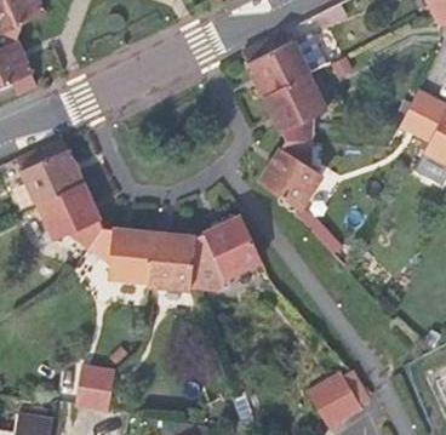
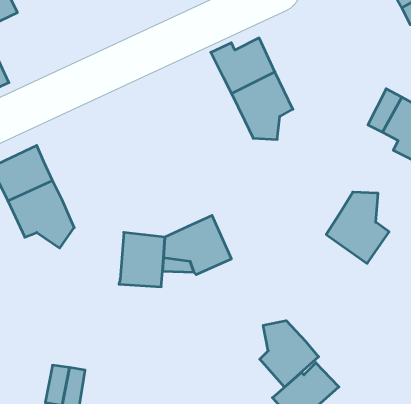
building: [257,139,320,211] -> [326,192,389,263]
building: [90,229,154,281] -> none
building: none -> [260,321,319,387]

